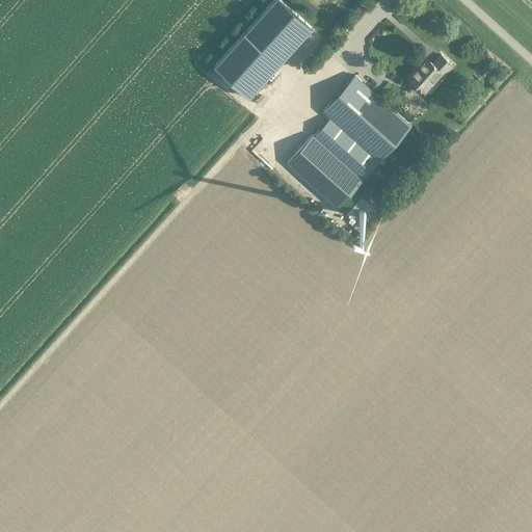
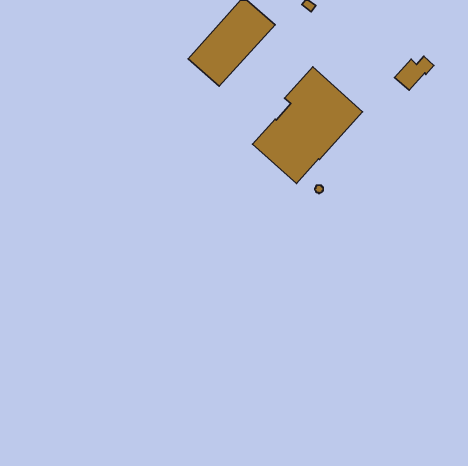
building: [408,56,453,95] -> [395,56,434,90]

